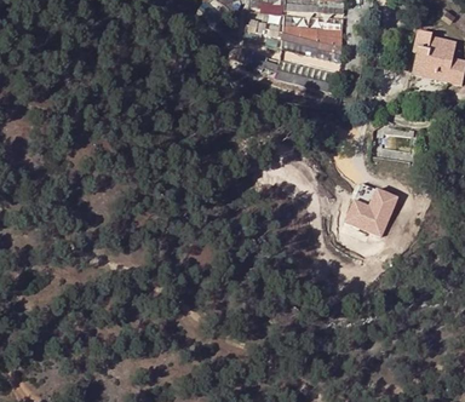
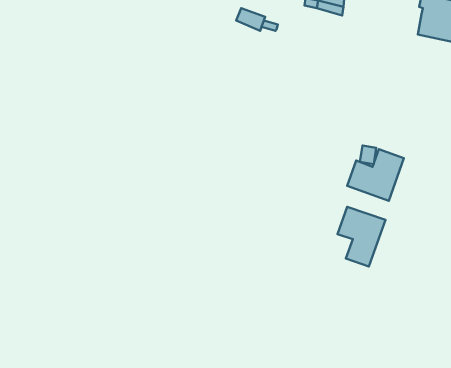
building: none -> [337,207,385,267]

